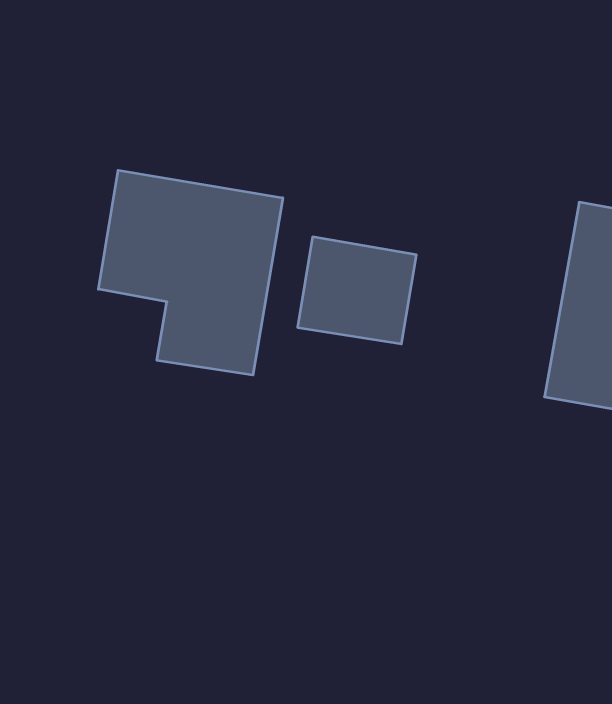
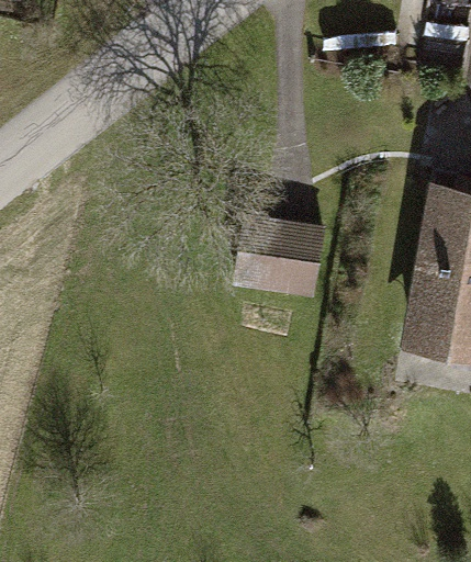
building: [98,170,283,375] -> none

